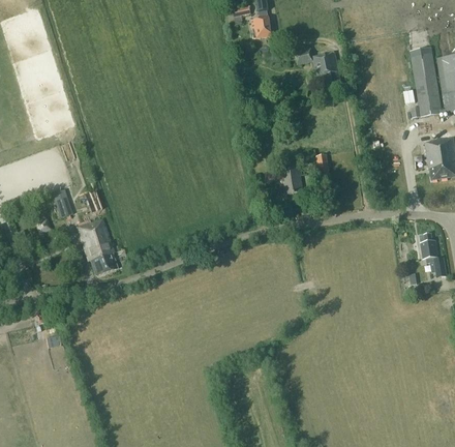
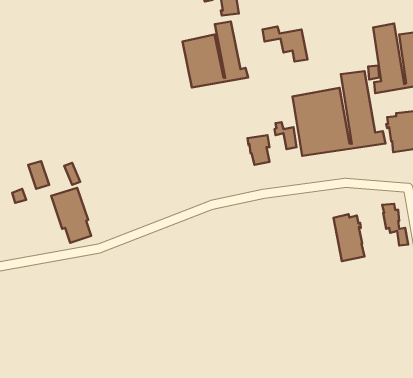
building: none -> [183,22,248,87]
building: none -> [292,71,386,156]
building: none -> [334,214,364,261]

